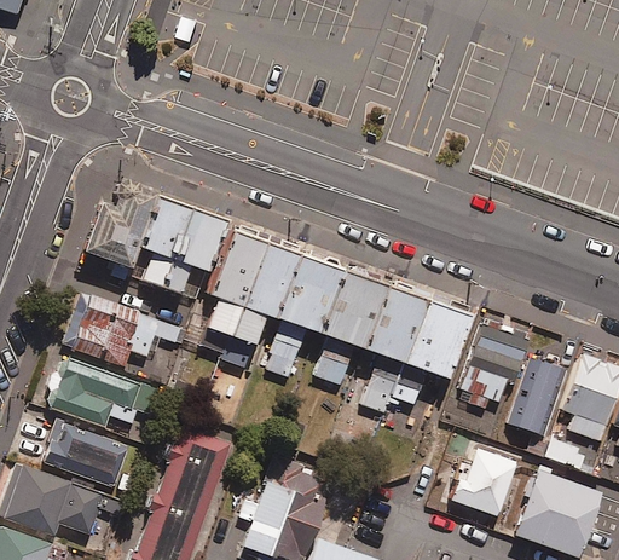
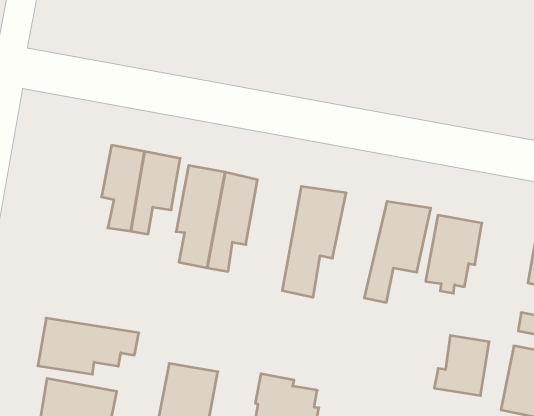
building: [87,180,162,269] -> none
building: [265,256,348,377] -> none
building: [359,285,433,414] -> none
building: [71,296,189,365] -> none
building: [508,356,560,435] -> none

